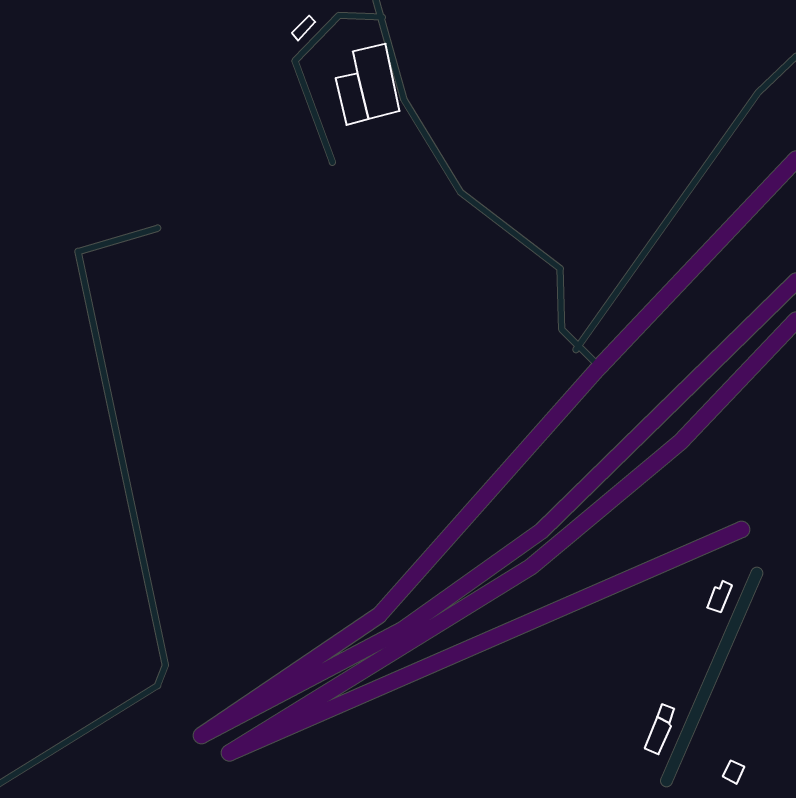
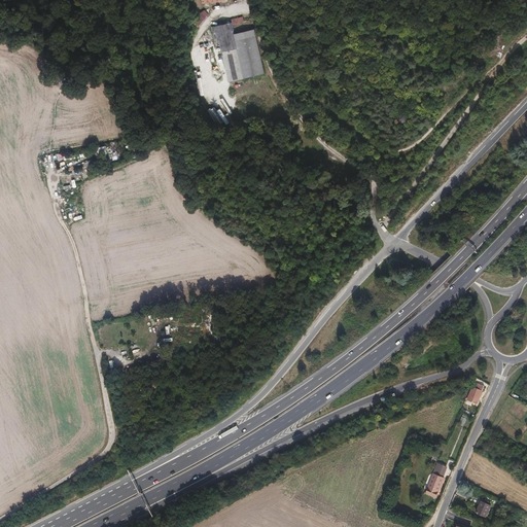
building: none -> [211,23,236,51]

